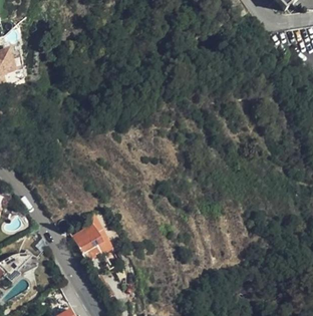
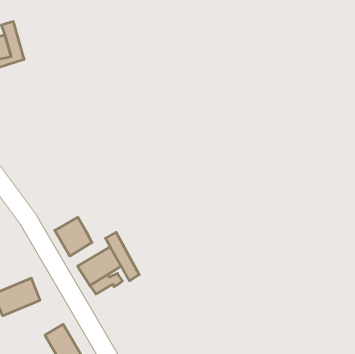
building: none -> [55,217,92,256]

